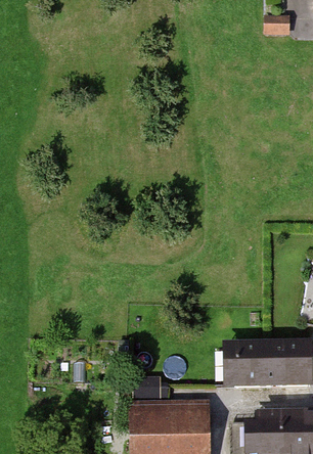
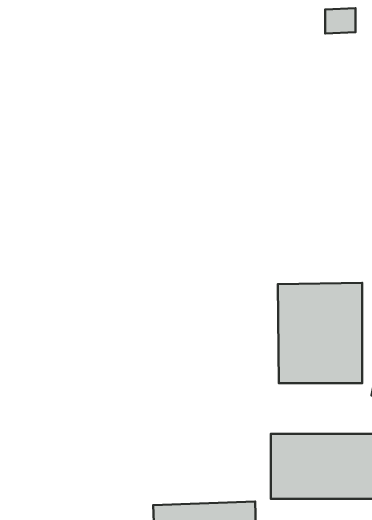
building: none -> [278,283,362,383]

